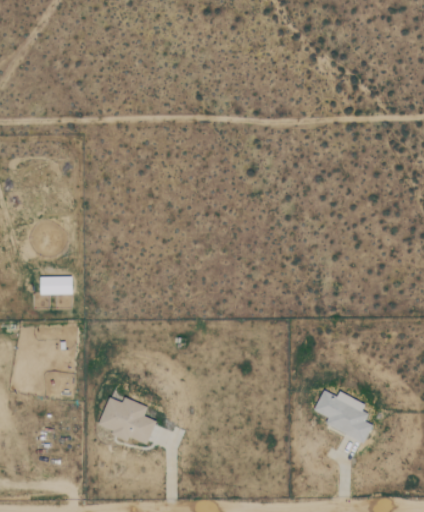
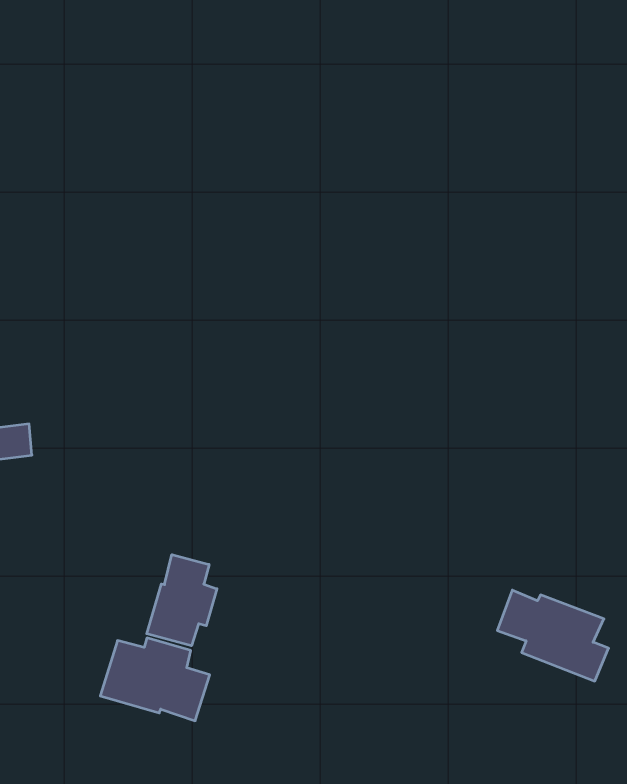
building: none -> [147,555,217,646]

